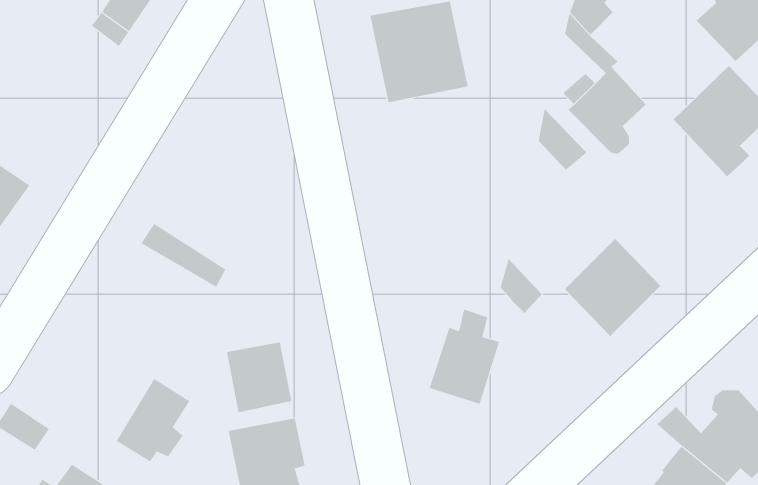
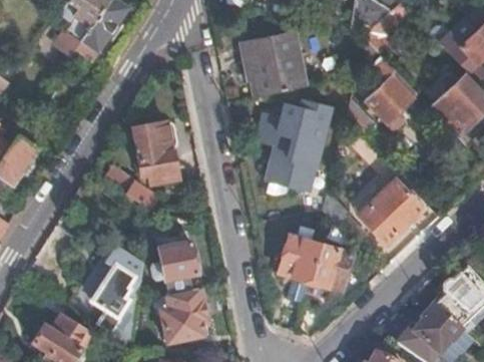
building: none -> [260,101,327,190]
building: none -> [133,122,178,184]
building: none -> [311,242,352,288]

